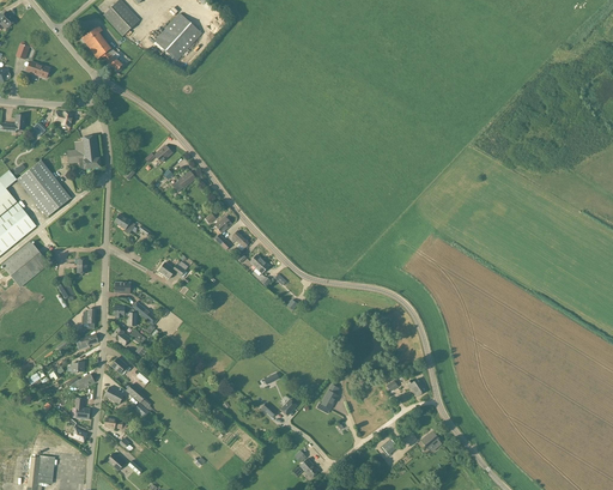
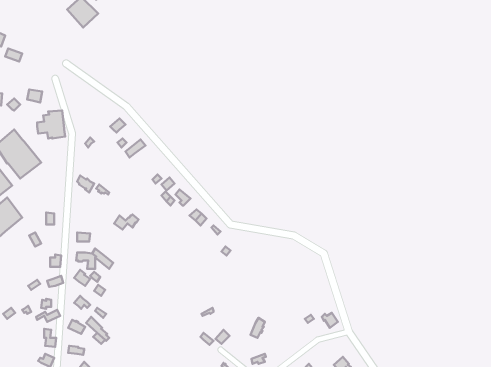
building: [154,12,202,60] -> none
building: [81,24,122,69] -> none

